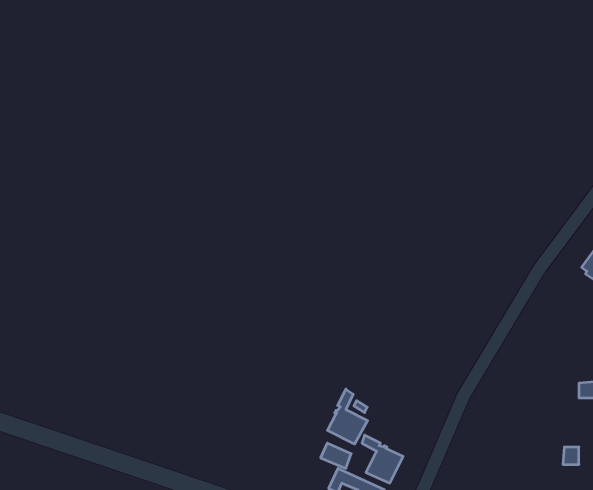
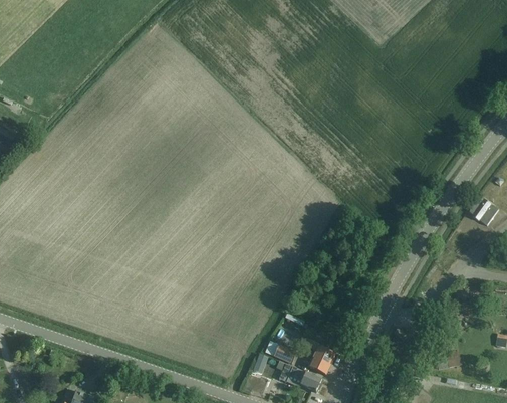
building: [327,389,368,444] -> none

